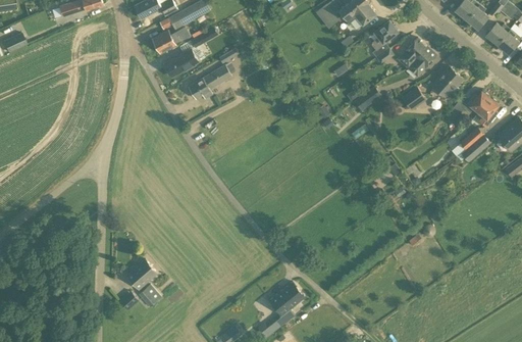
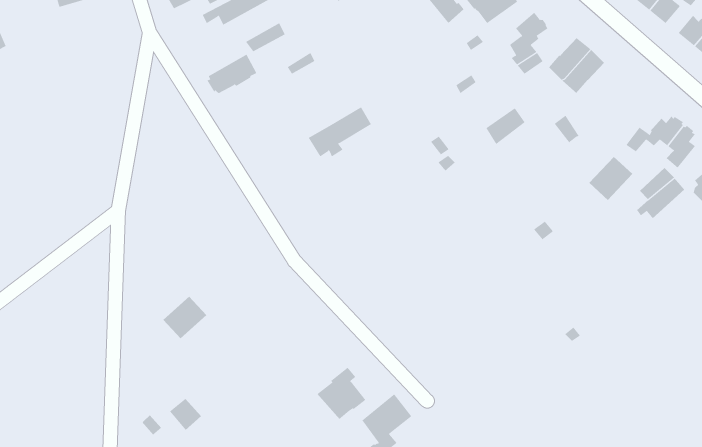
building: [153,27,190,52] -> none
building: [188,64,231,99] -> [308,106,372,157]
building: [431,66,462,97] -> [589,156,633,201]
building: [125,259,156,289] -> [162,296,207,339]
building: none -> [317,367,366,420]

